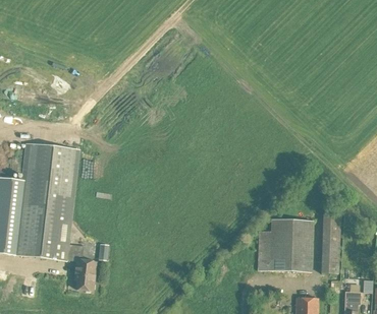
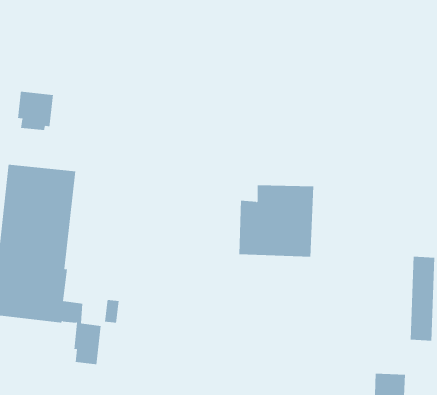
building: none -> [17,91,54,131]
building: [258,218,313,271] -> [239,185,314,257]

